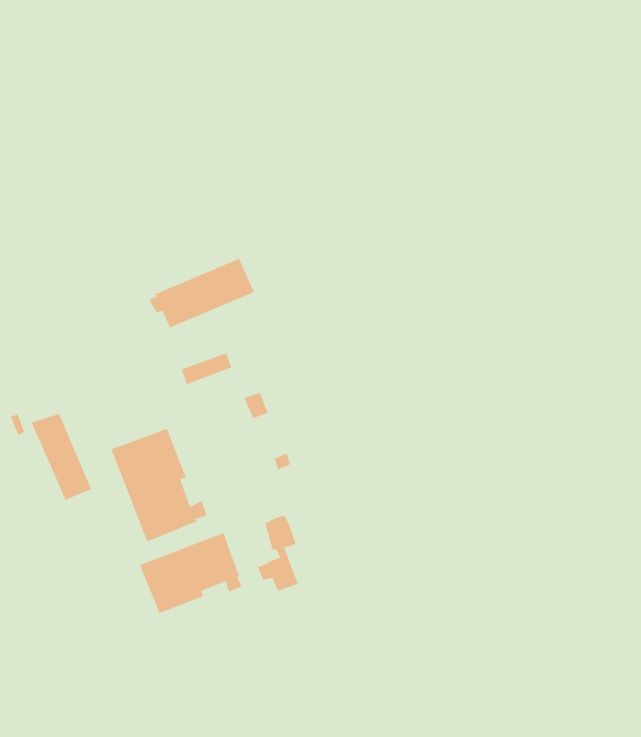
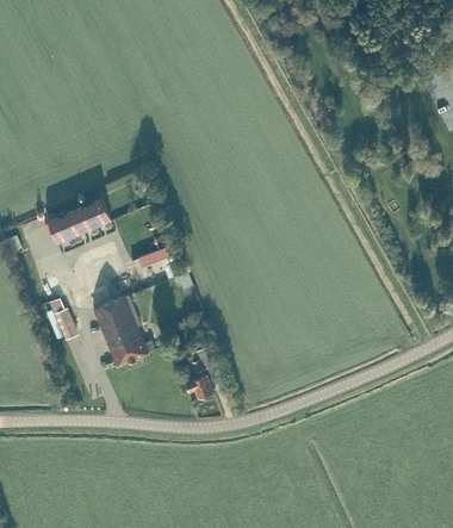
building: [149,258,255,328] -> [43,200,110,244]
building: [139,532,242,614] -> none

